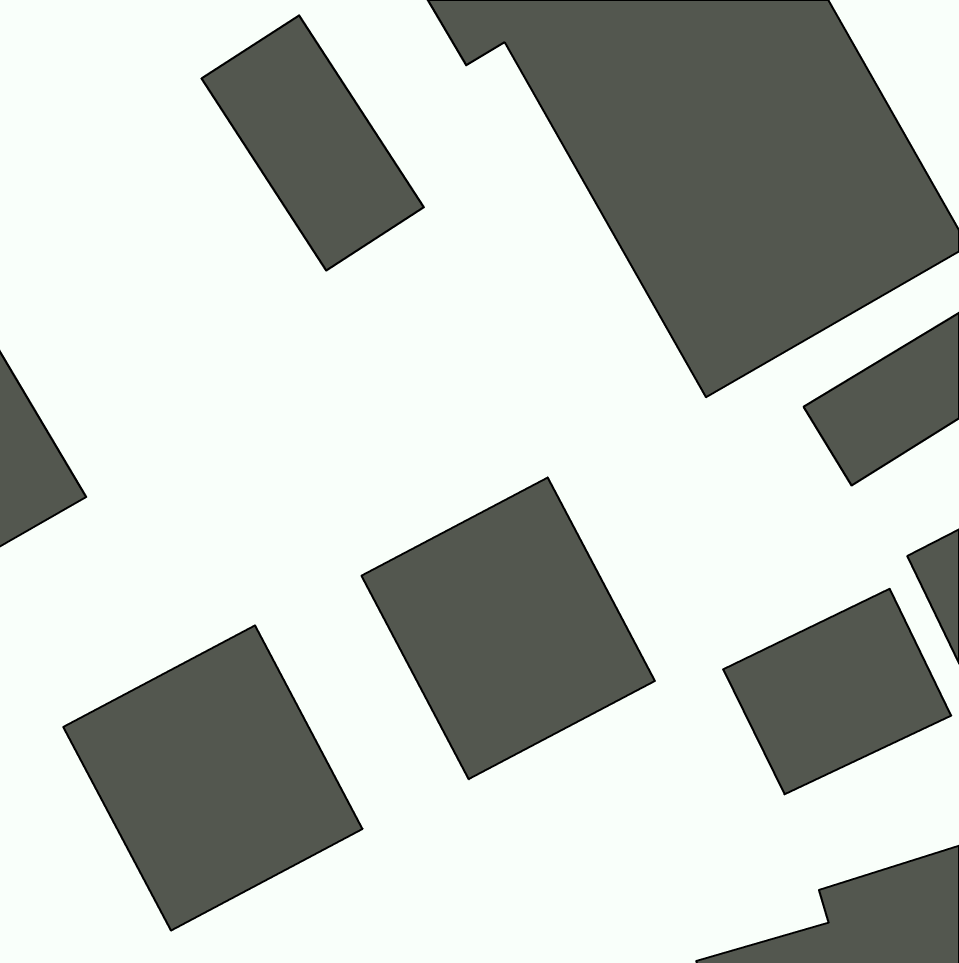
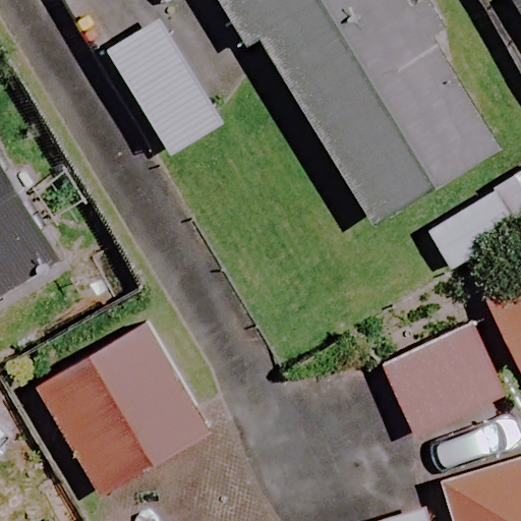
building: [362,477,655,779] -> none

